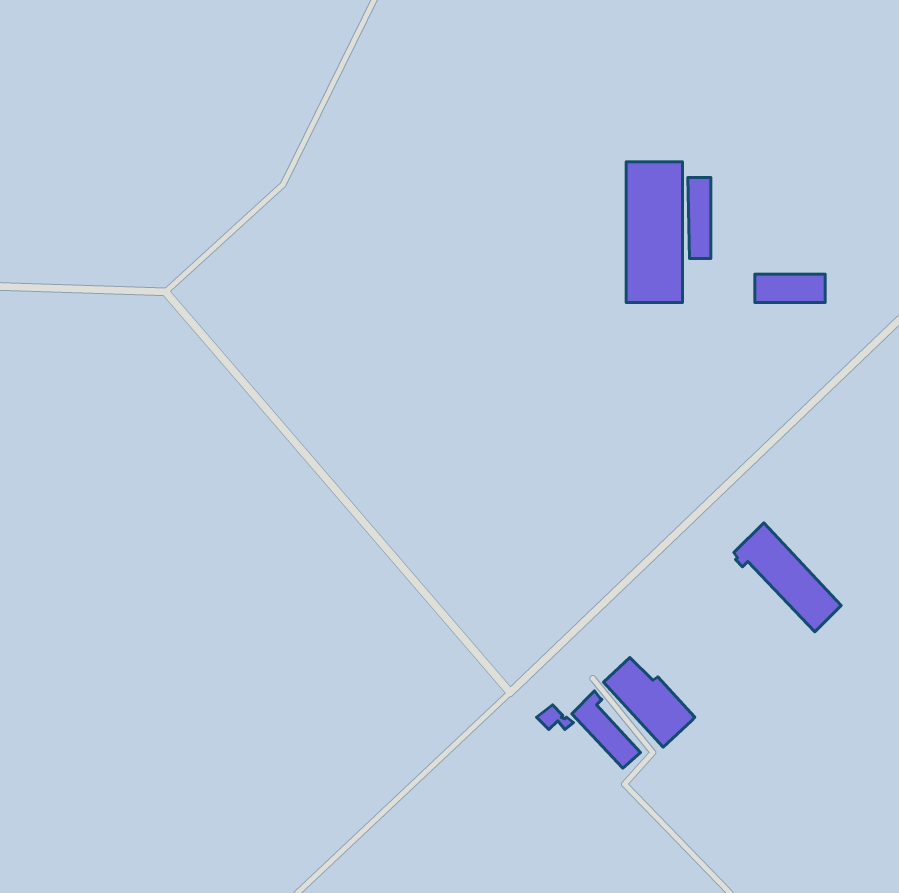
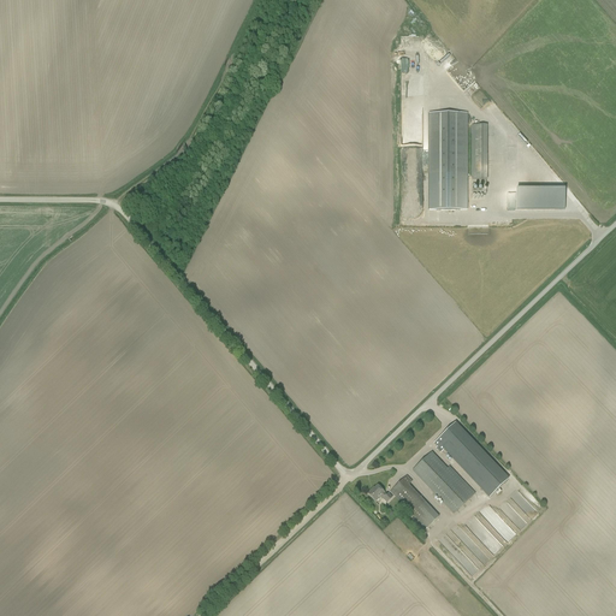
building: [734,523,841,632] -> [434,420,508,494]

